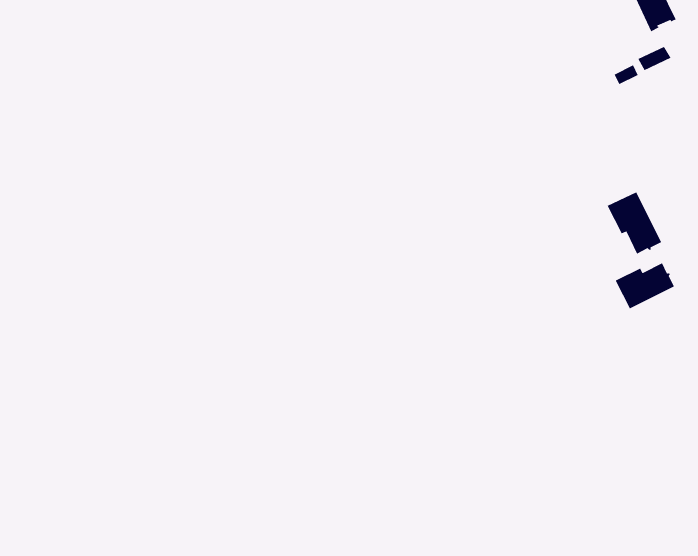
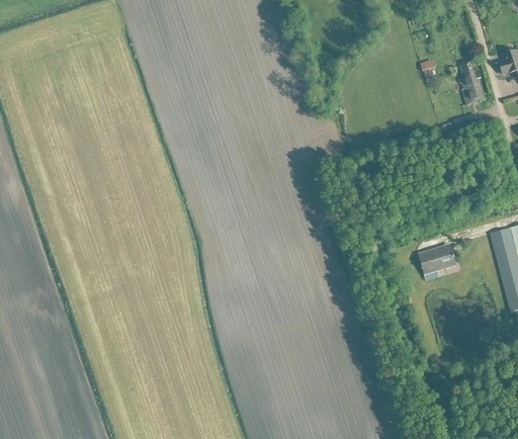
building: [607,192,662,254] -> none

